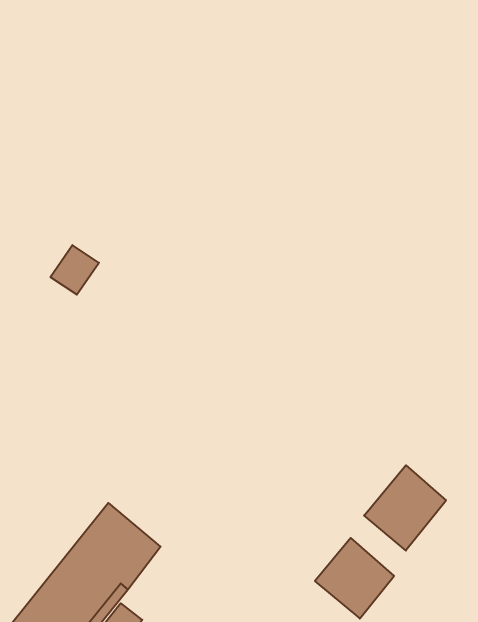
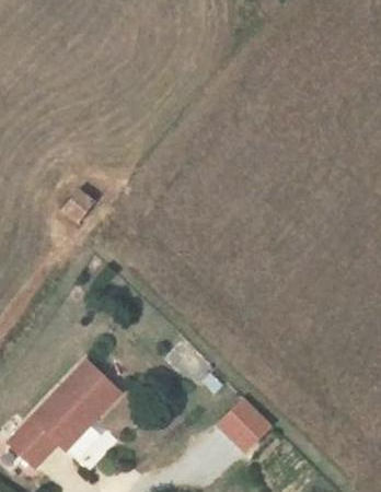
building: [364,465,446,551] -> none

